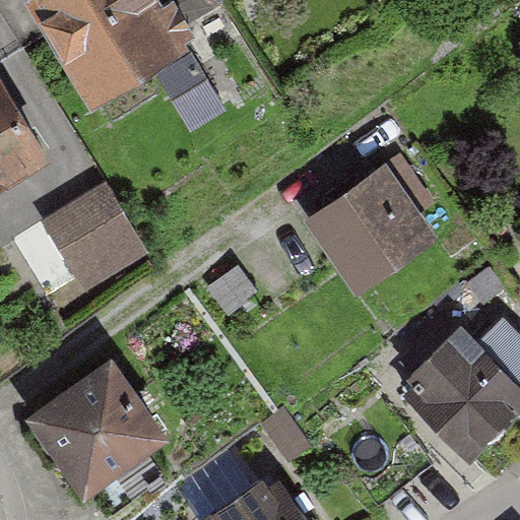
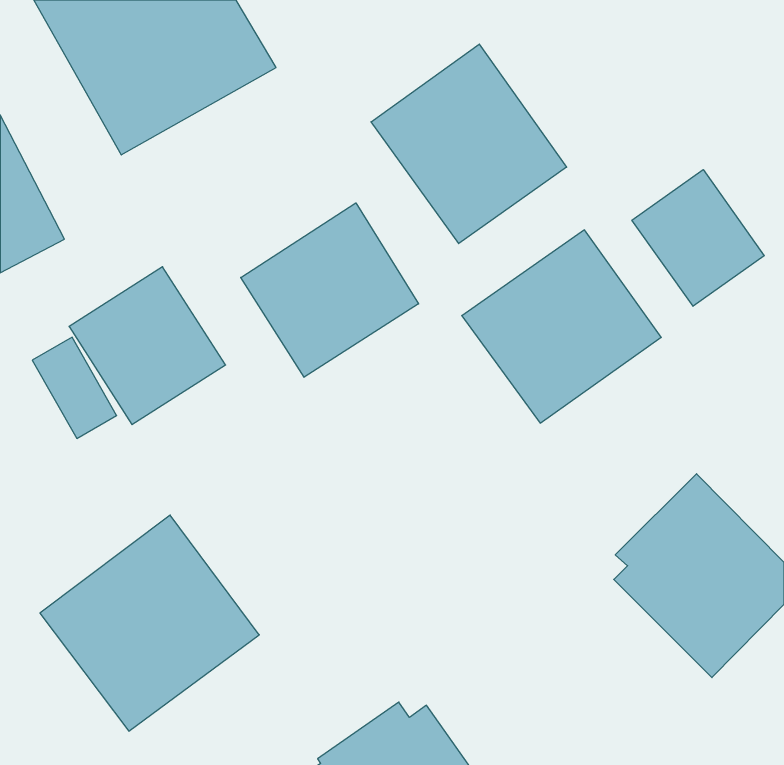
building: none -> [371,44,567,244]
building: none -> [632,170,764,306]
building: none -> [241,203,419,377]

